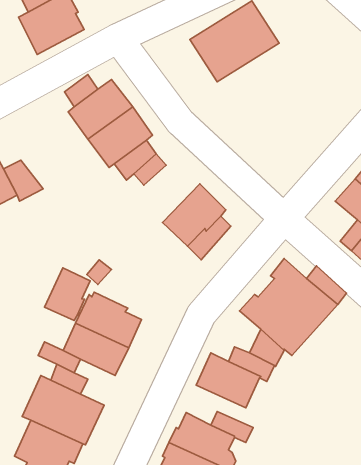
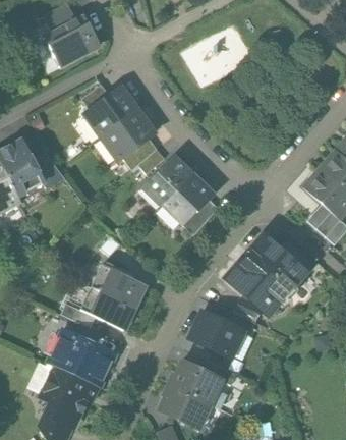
building: none -> [141,155,192,206]
building: [44,268,90,320] -> none

